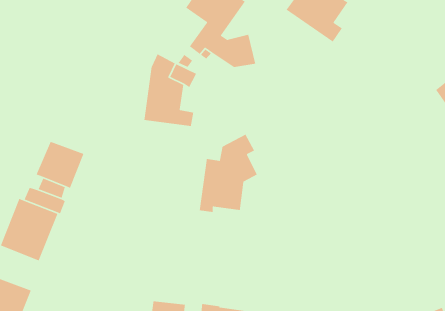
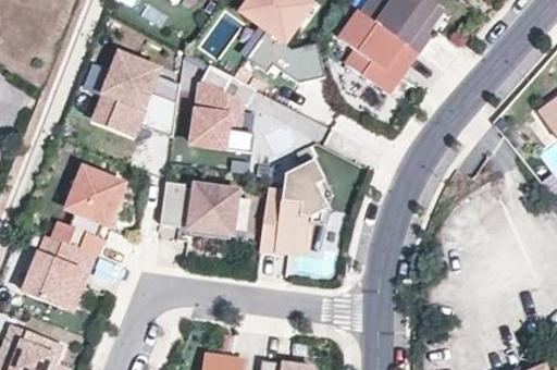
building: none -> [338,12,414,92]
building: none -> [94,52,178,136]
building: none -> [160,181,238,234]

